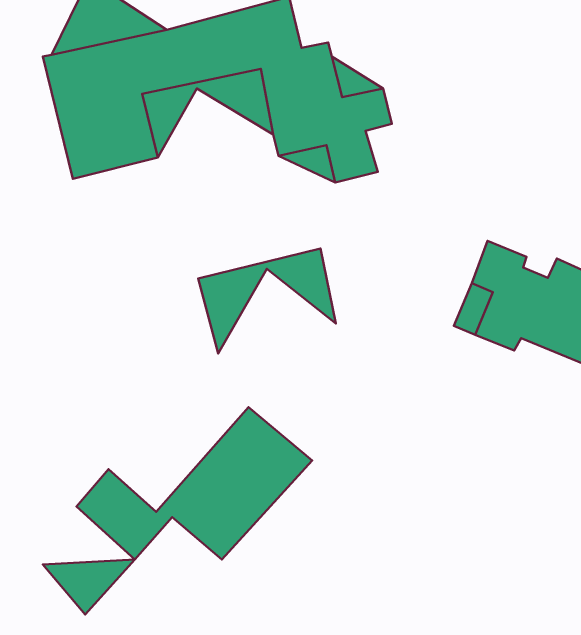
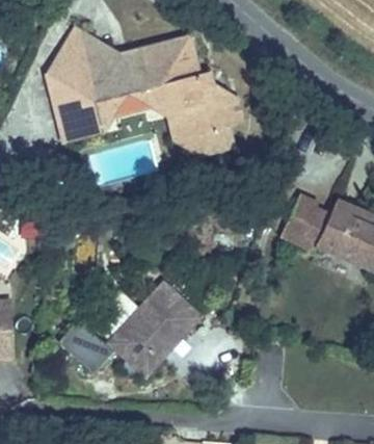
building: [198,249,336,354] -> none
building: [43,560,135,614] -> none

